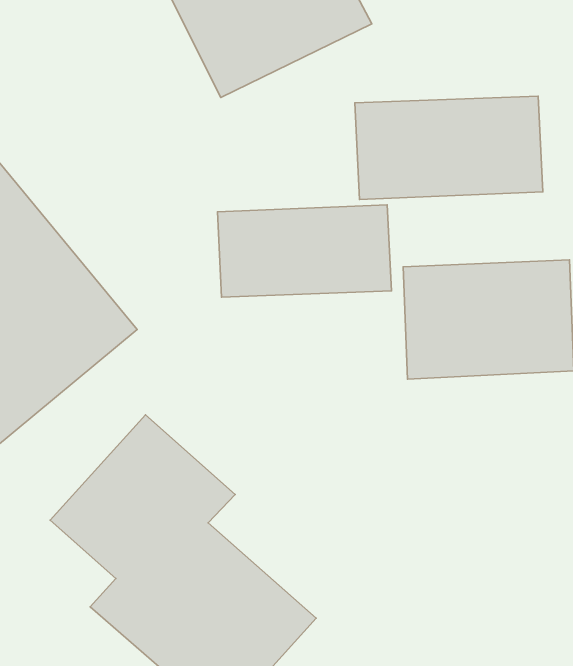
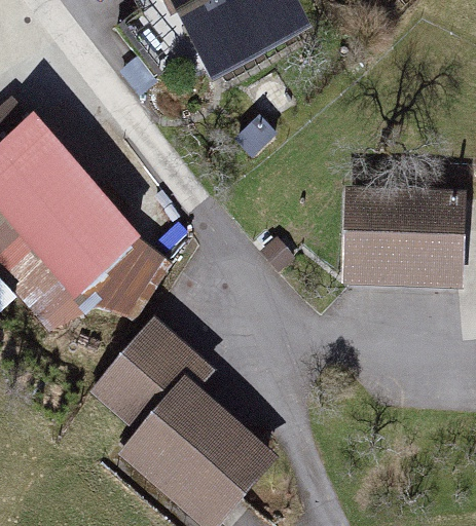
building: [355,96,543,200] -> none
building: [217,205,391,297] -> none

